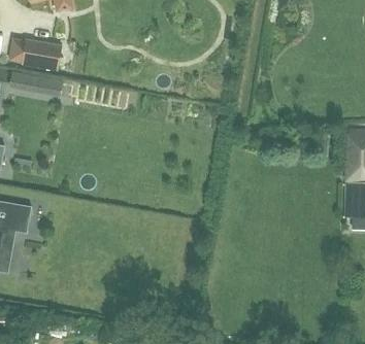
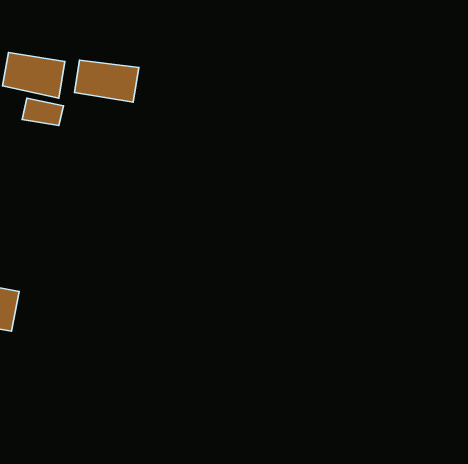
building: none -> [75,60,139,102]

